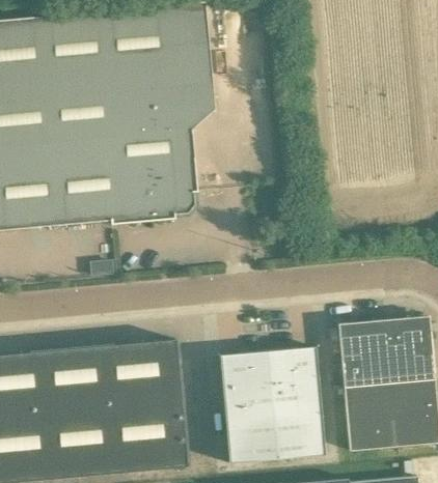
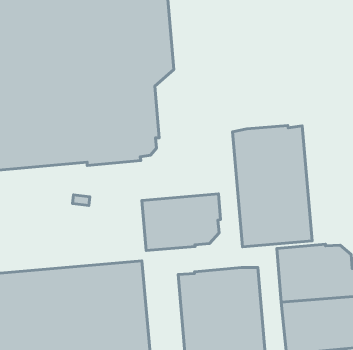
building: none -> [233,126,312,247]
building: none -> [142,194,220,250]

